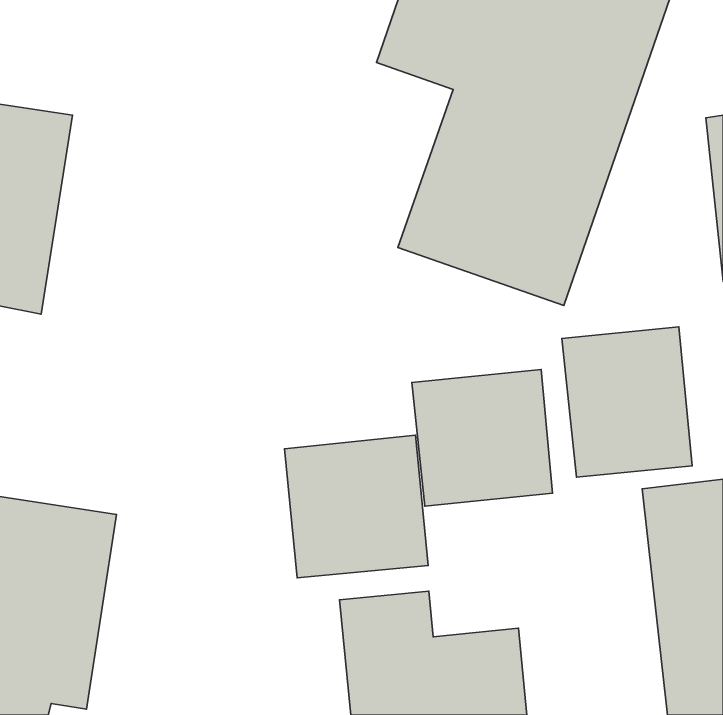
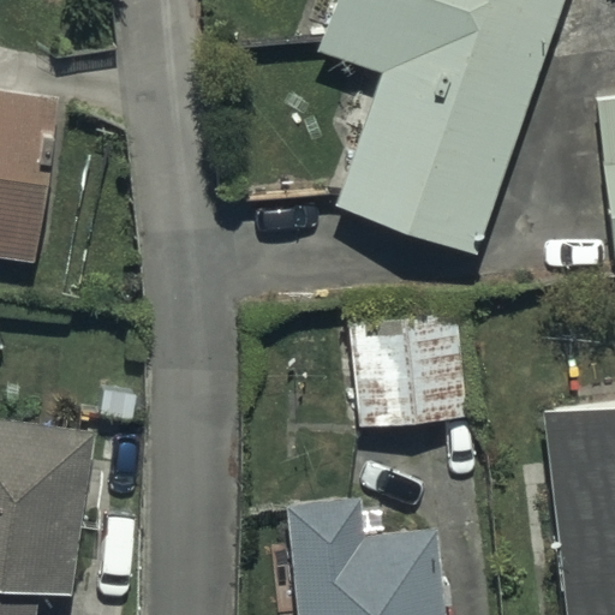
building: [562,327,692,477] -> none
building: [284,435,428,578] -> none

